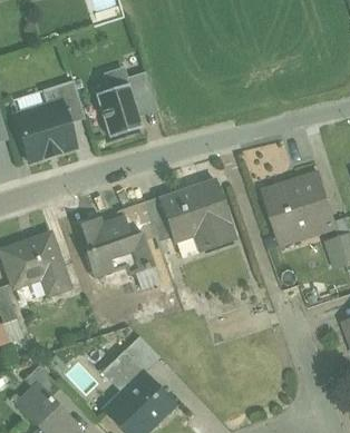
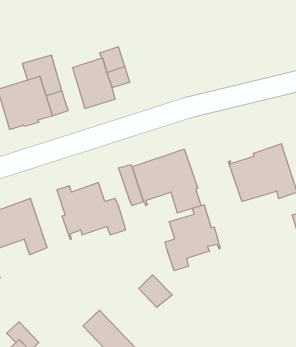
building: [115,201,156,240] -> none
building: none -> [165,205,220,271]
building: [124,337,159,372] -> [139,275,172,307]

